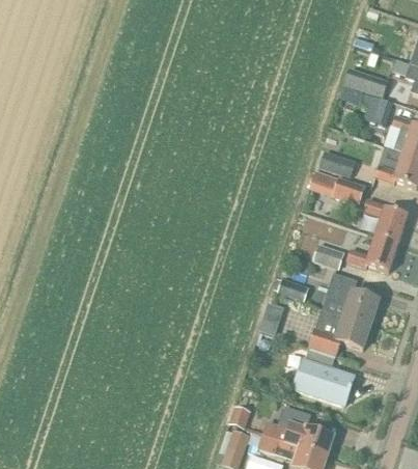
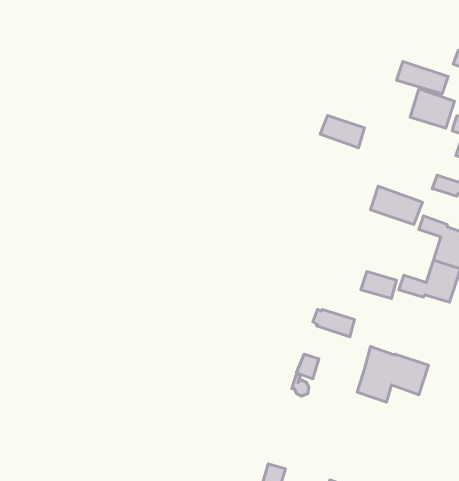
building: [317,150,355,177] -> [320,116,365,148]
building: [325,272,379,324] -> none
building: [294,347,354,405] -> none

